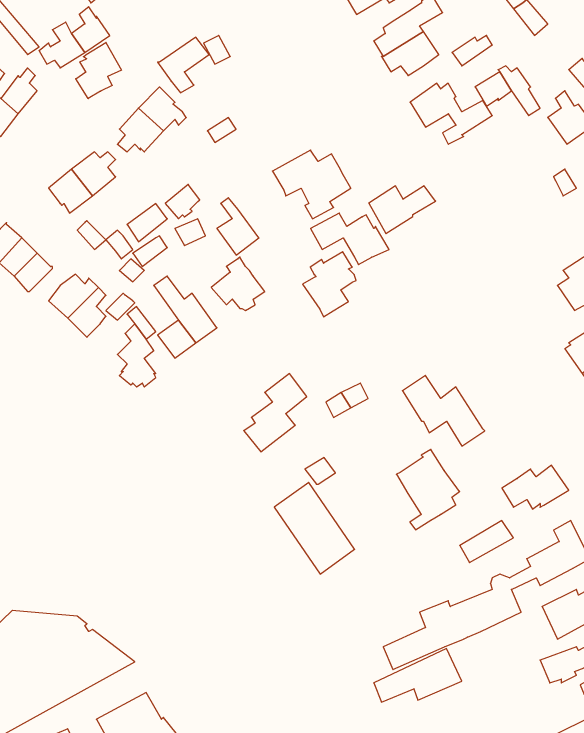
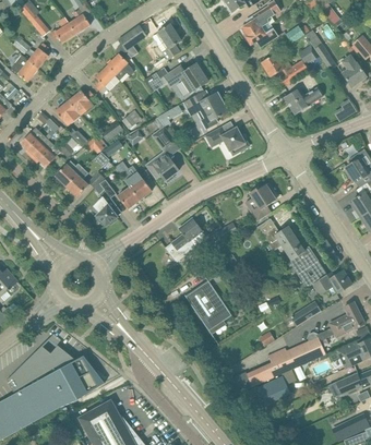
building: none -> [158,23,181,59]
building: [76,42,121,99] -> none
building: none -> [164,63,208,93]
building: [369,186,436,234] -> [285,87,323,115]
building: [303,252,356,317] -> [246,183,276,220]
building: [396,449,460,530] -> [289,245,325,291]

